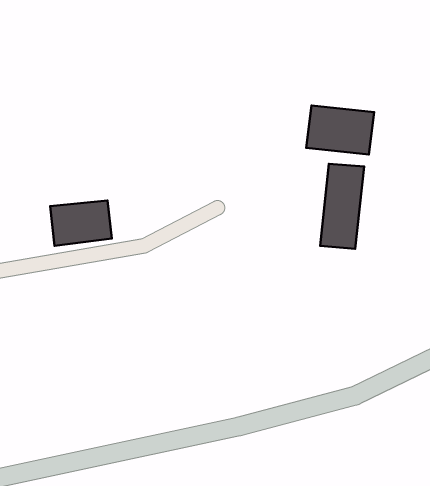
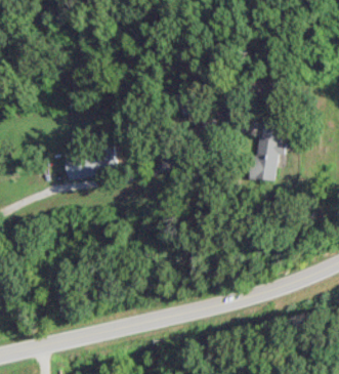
building: [306,106,374,154] -> none

